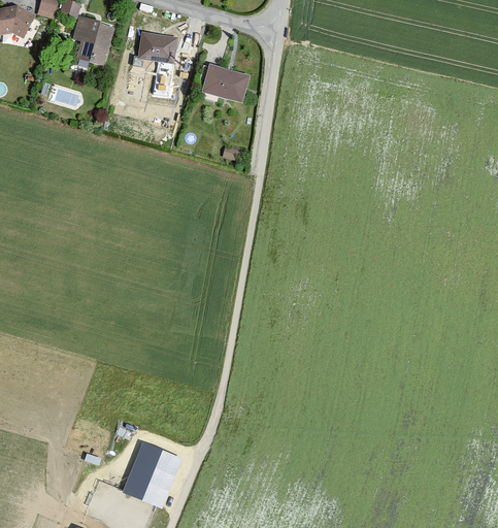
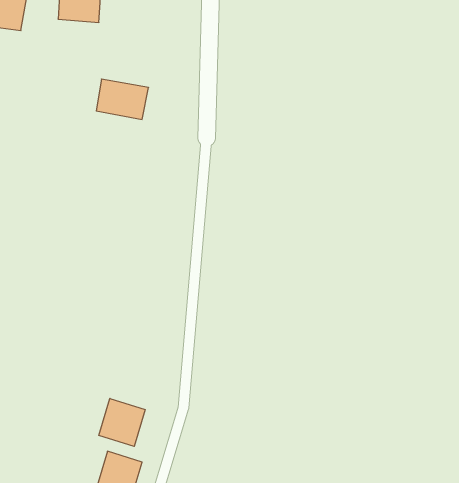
building: [201,62,250,101] -> [96,79,149,119]
building: none -> [99,398,145,446]

